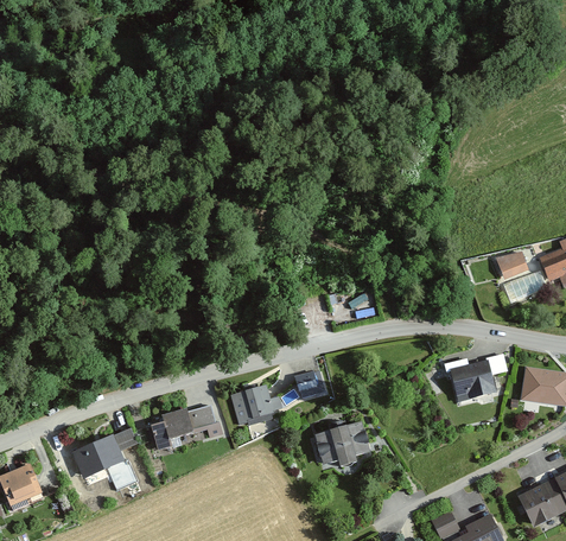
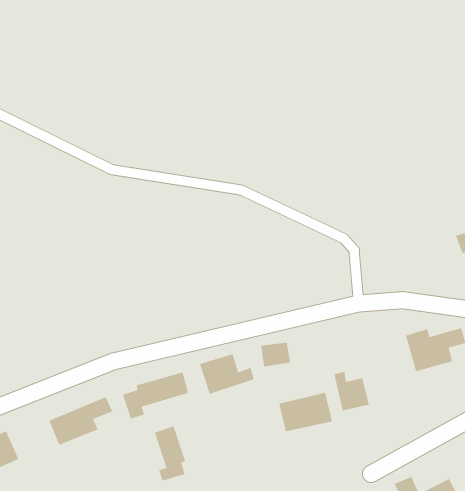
building: none -> [334,371,370,411]
building: none -> [154,425,186,481]

